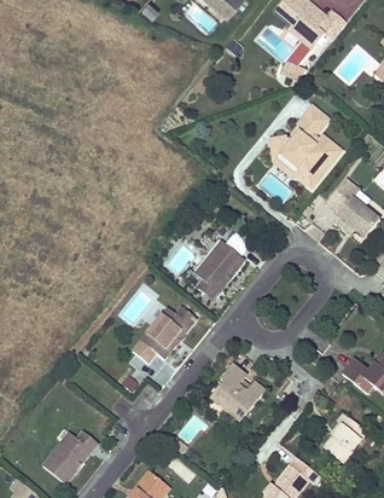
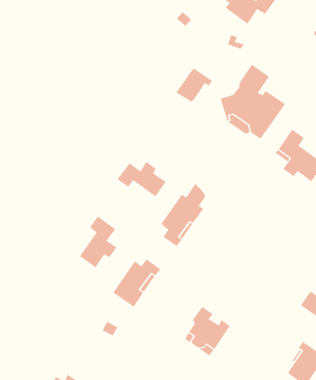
building: none -> [175,67,213,103]
building: none -> [117,161,166,197]
building: none -> [79,216,117,268]

